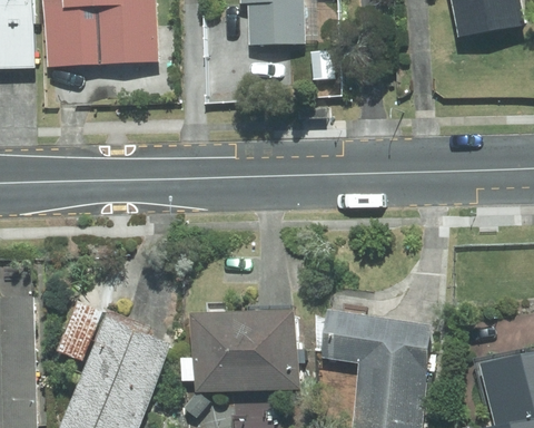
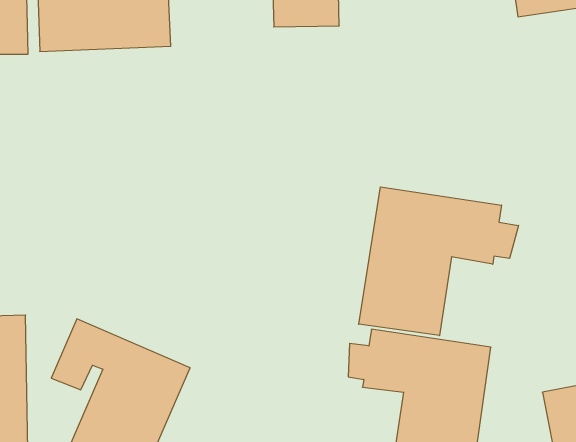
building: none -> [359,187,518,336]
building: [192,309,298,390] -> none

